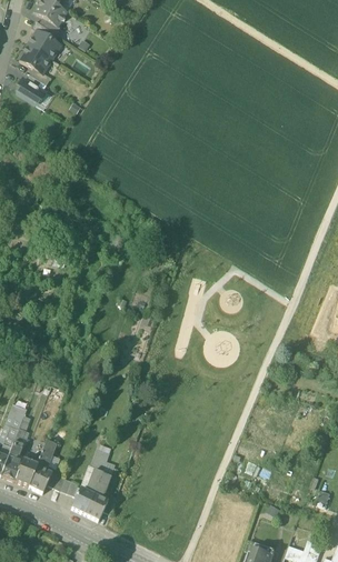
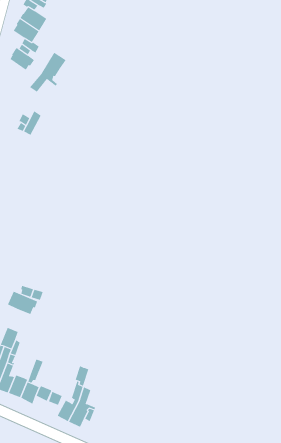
building: none -> [29,52,66,92]
building: none -> [8,291,38,315]

